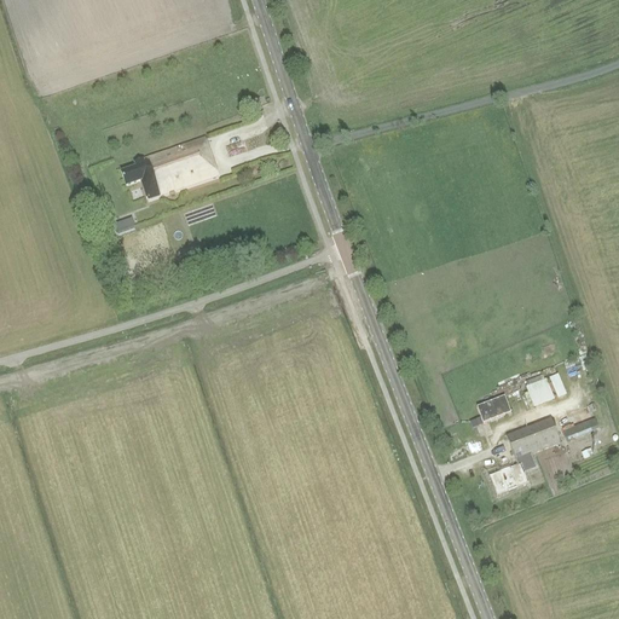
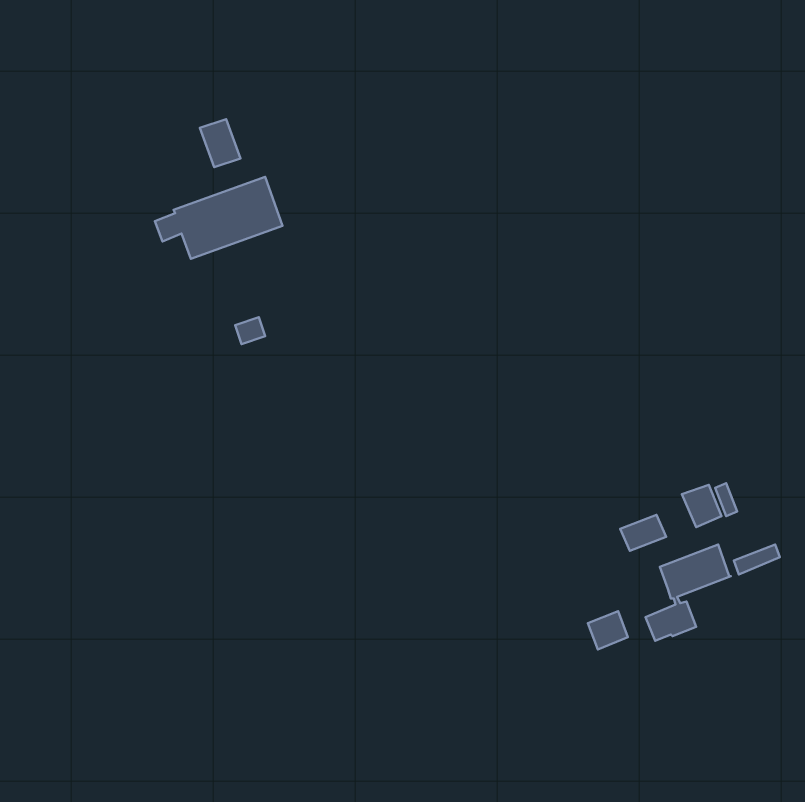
building: none -> [200,119,240,167]
building: none -> [588,611,628,649]

